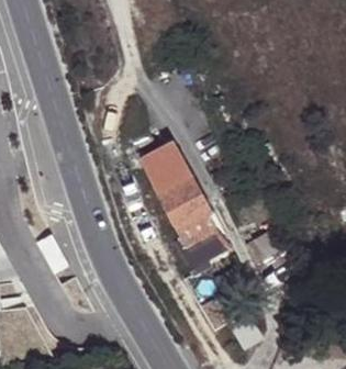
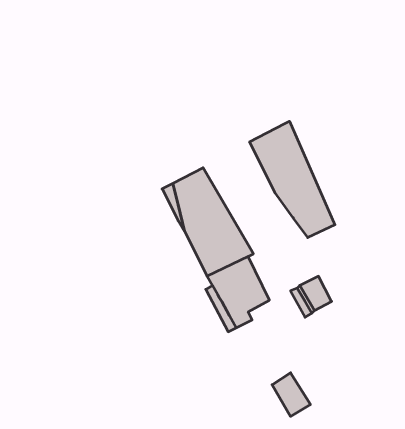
building: none -> [250,121,335,238]

